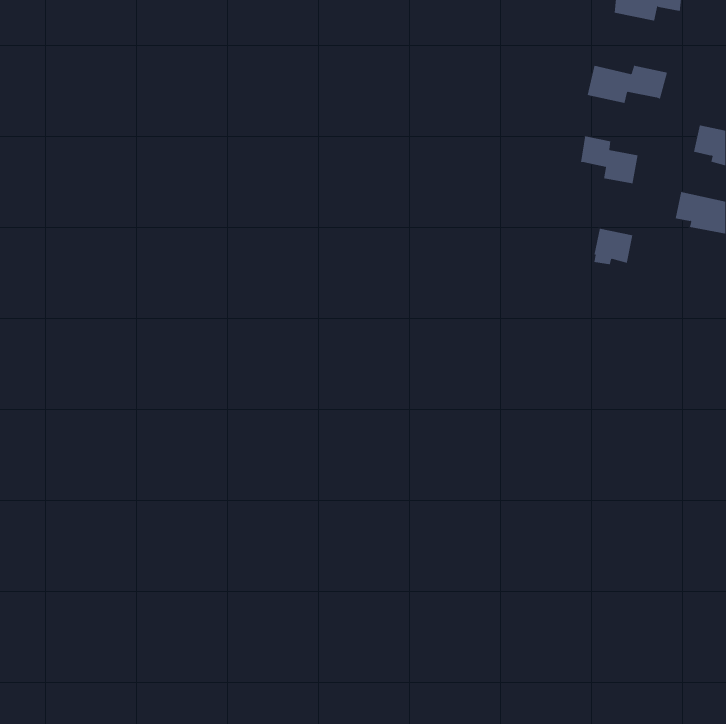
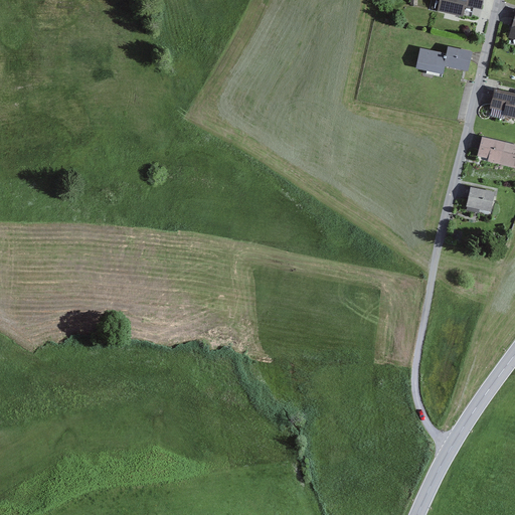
building: [580,136,638,184] -> none
building: [593,228,633,265] -> [467,186,495,212]

